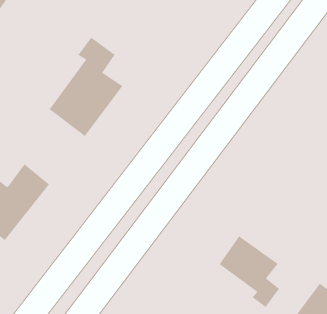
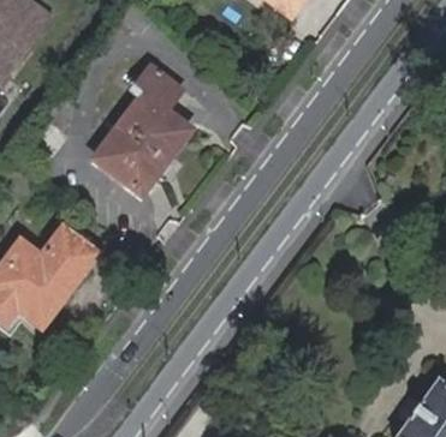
building: [219,236,280,308] -> none

